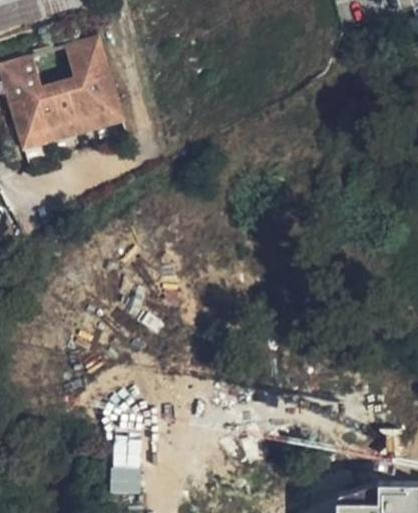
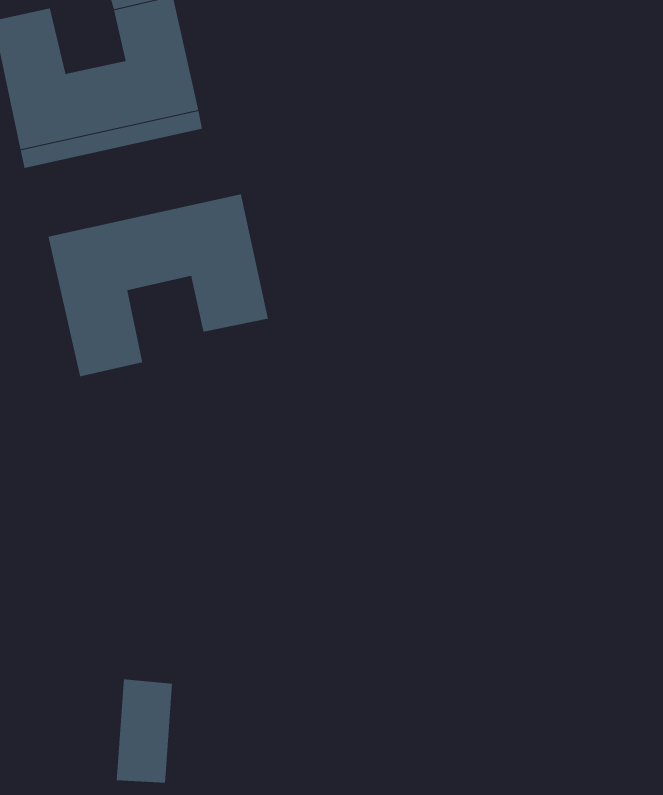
building: none -> [48,194,269,377]

